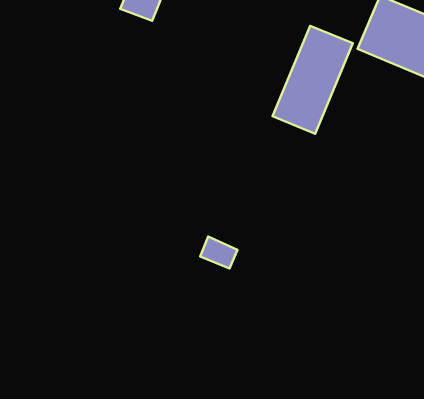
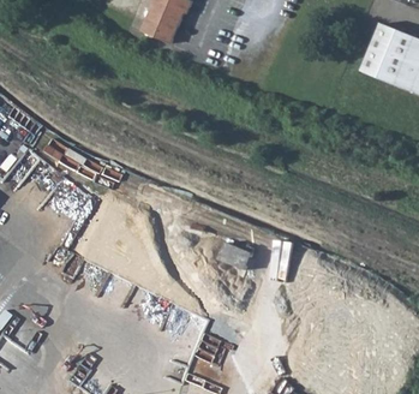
building: [272,26,353,134] -> none

